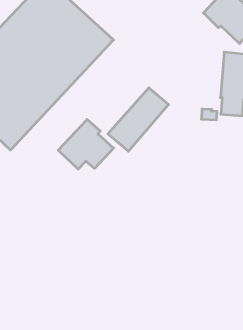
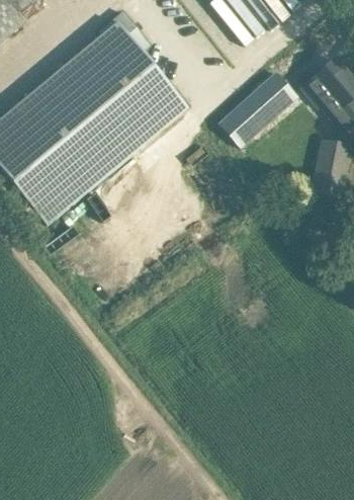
building: [108,88,169,151] -> [219,73,297,147]
building: [58,119,114,169] -> none

